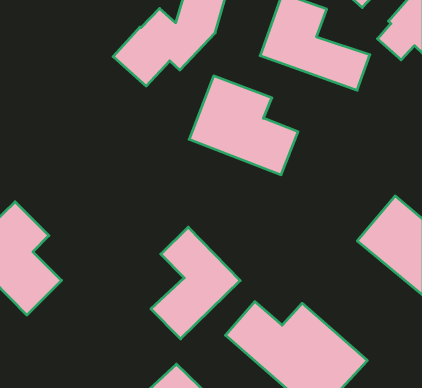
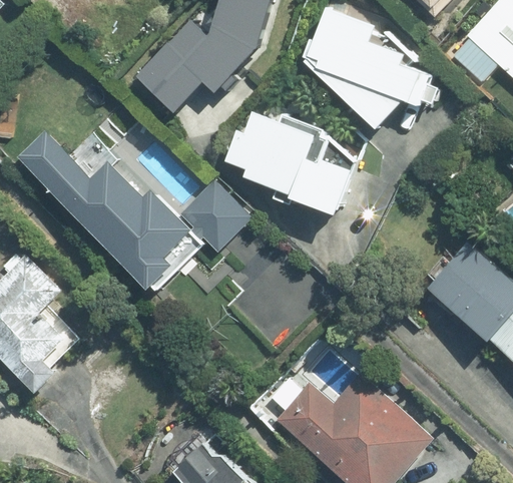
building: none -> [17,127,237,294]
building: [151,227,240,339] -> none

